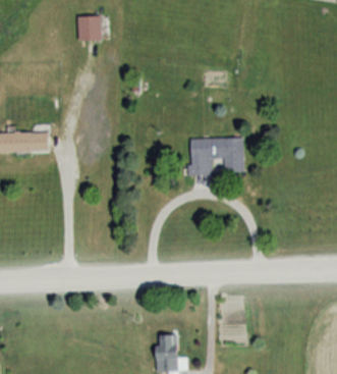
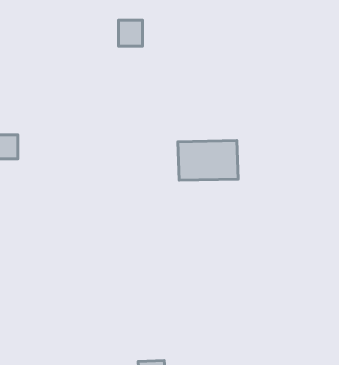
building: [78,16,100,40] -> [119,20,142,46]

